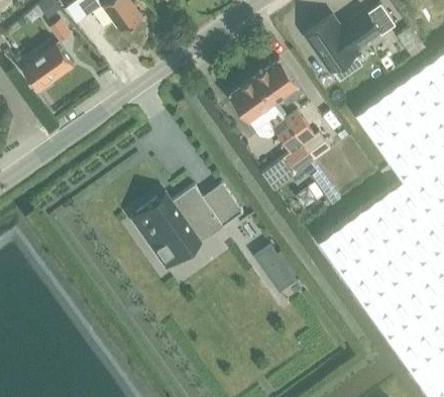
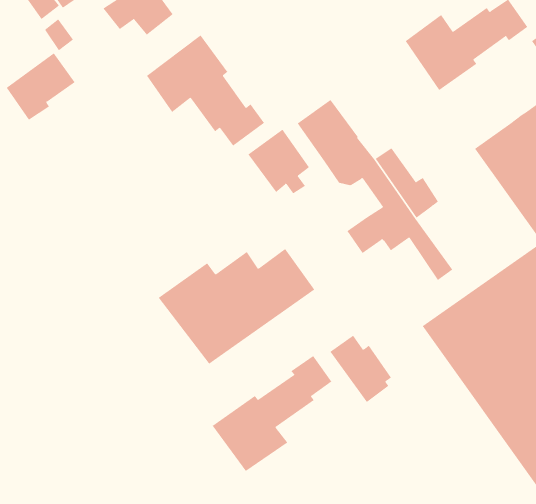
building: none -> [146,35,265,147]
building: [253,61,298,107] -> [247,129,310,194]
building: none -> [212,355,332,472]

